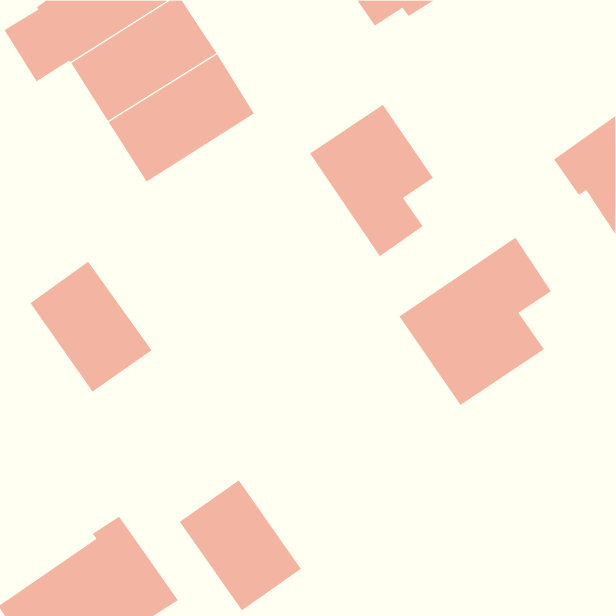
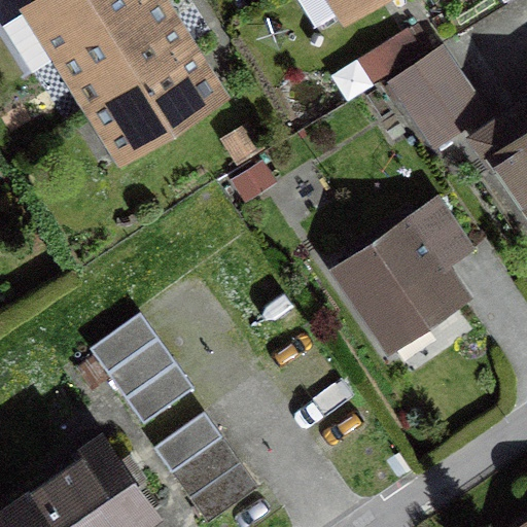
building: none -> [390,46,484,143]
building: [309,104,434,257] -> none
building: [29,261,153,392] -> [89,311,194,423]

